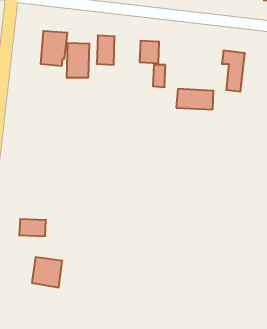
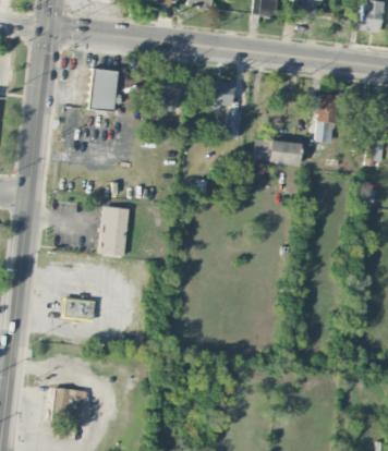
building: [67,43,89,78] -> none
building: none -> [100,207,128,256]
building: [32,257,62,287] -> [50,387,87,424]

